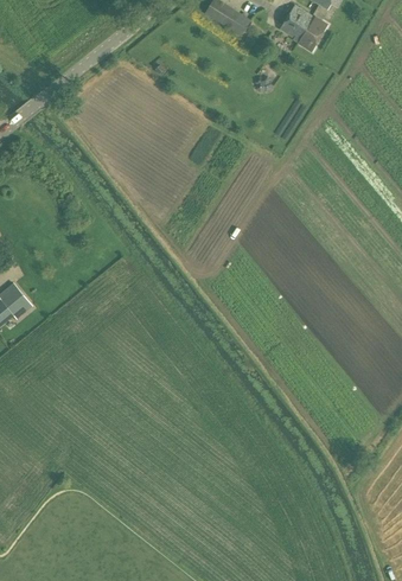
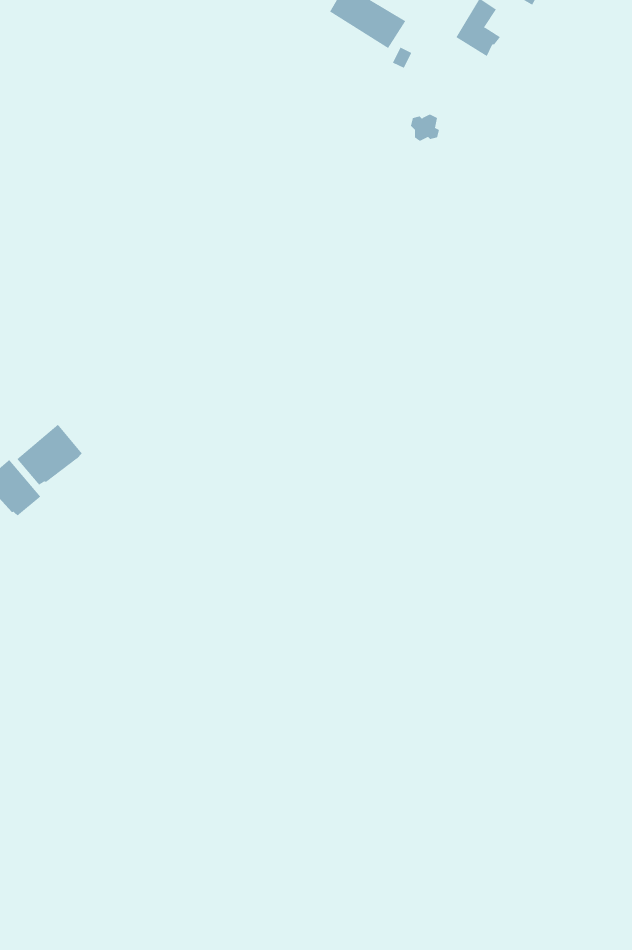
building: [296,12,326,51] -> none
building: none -> [16,424,82,486]

